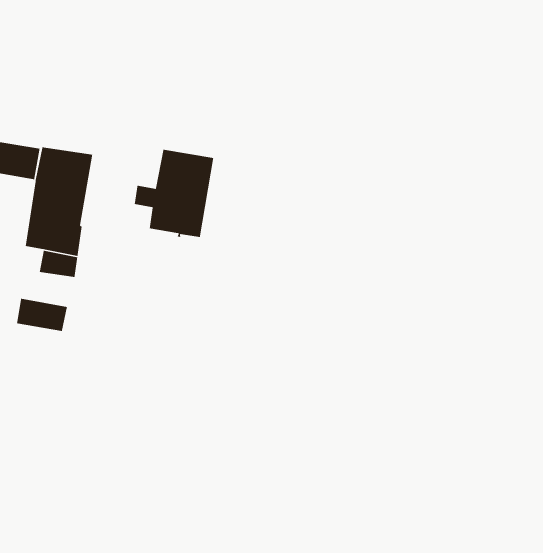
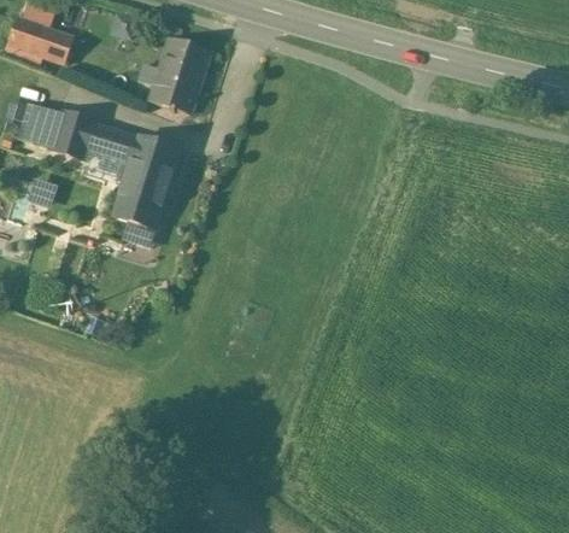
building: [134,149,214,238] -> [139,36,210,113]
building: [16,298,68,332] -> none

